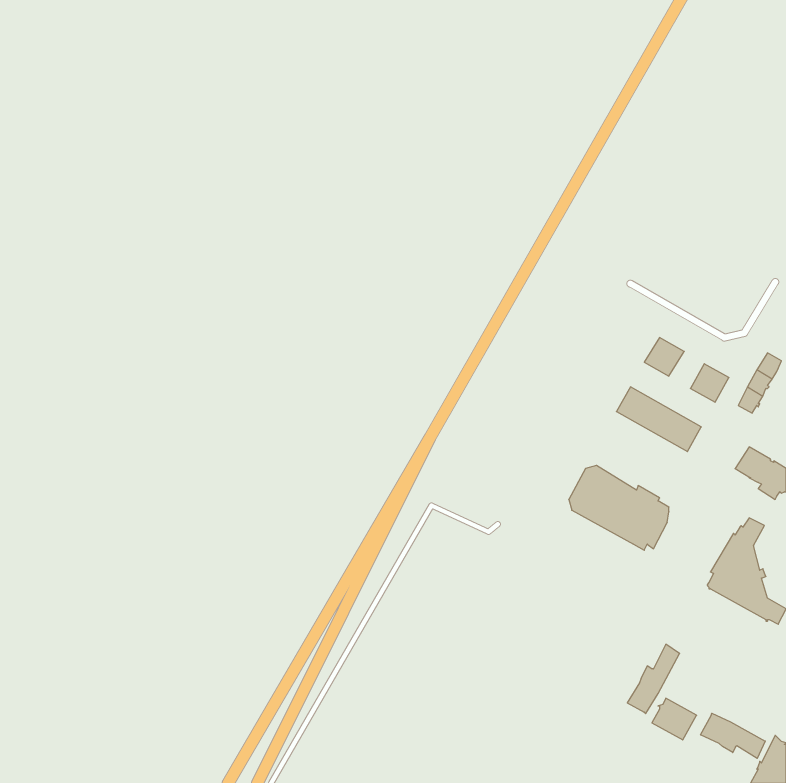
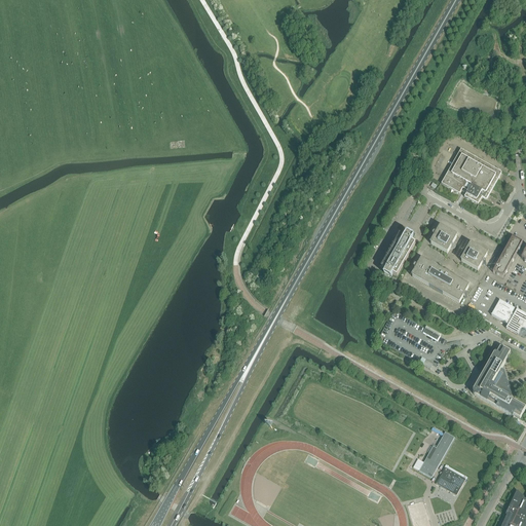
building: none -> [441,147,500,202]
building: none -> [382,232,414,274]
building: [701,713,765,758] -> none

